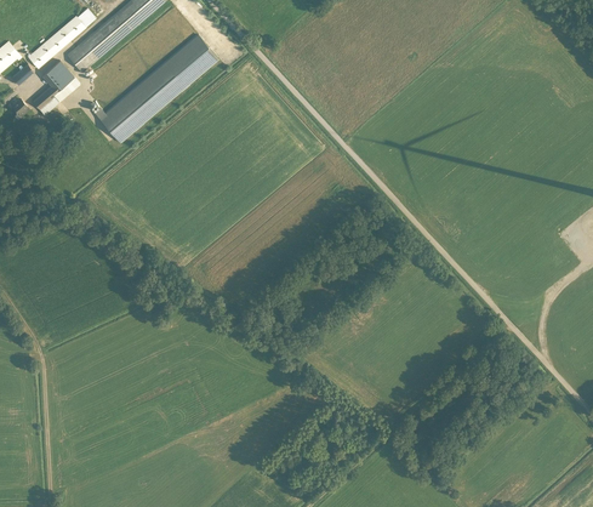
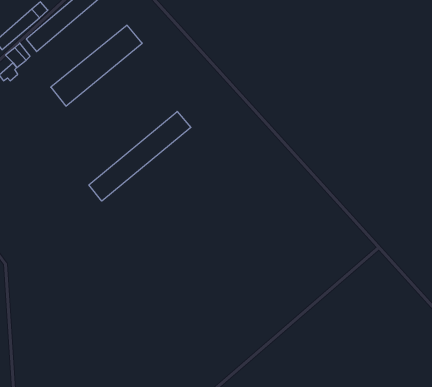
building: none -> [89,111,191,201]

